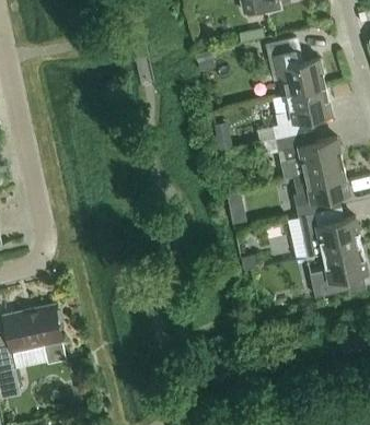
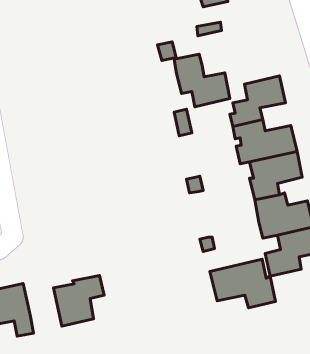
building: [266,39,325,95] -> [174,54,230,107]
building: none -> [210,259,276,308]
building: none -> [53,275,104,326]

